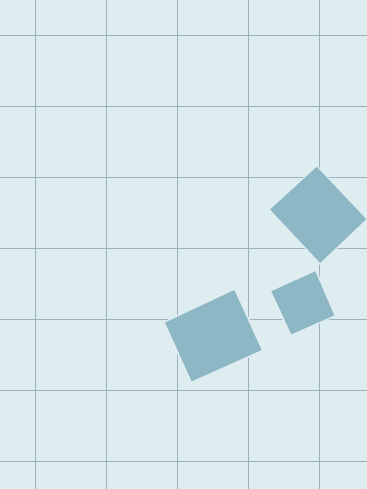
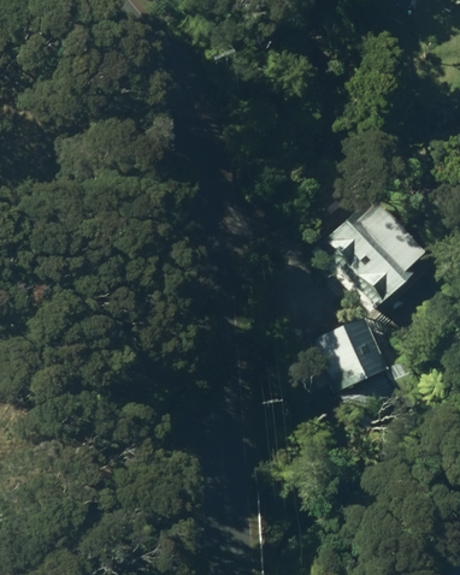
building: [164,289,263,382] -> none

